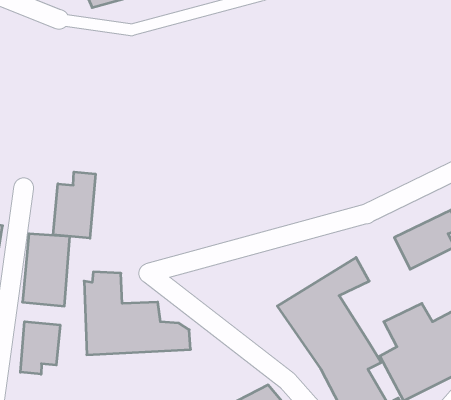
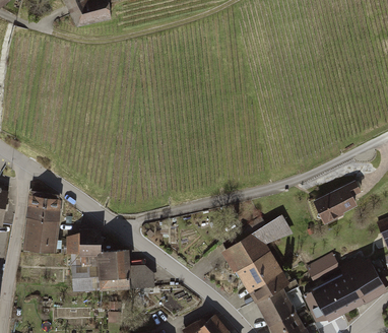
building: [53,172,95,238] -> none
building: [20,322,60,374] -> none

